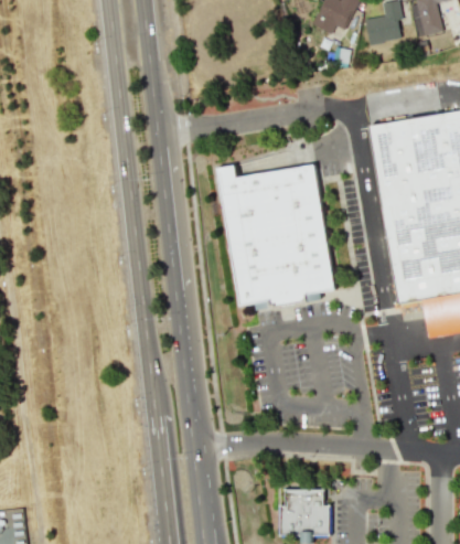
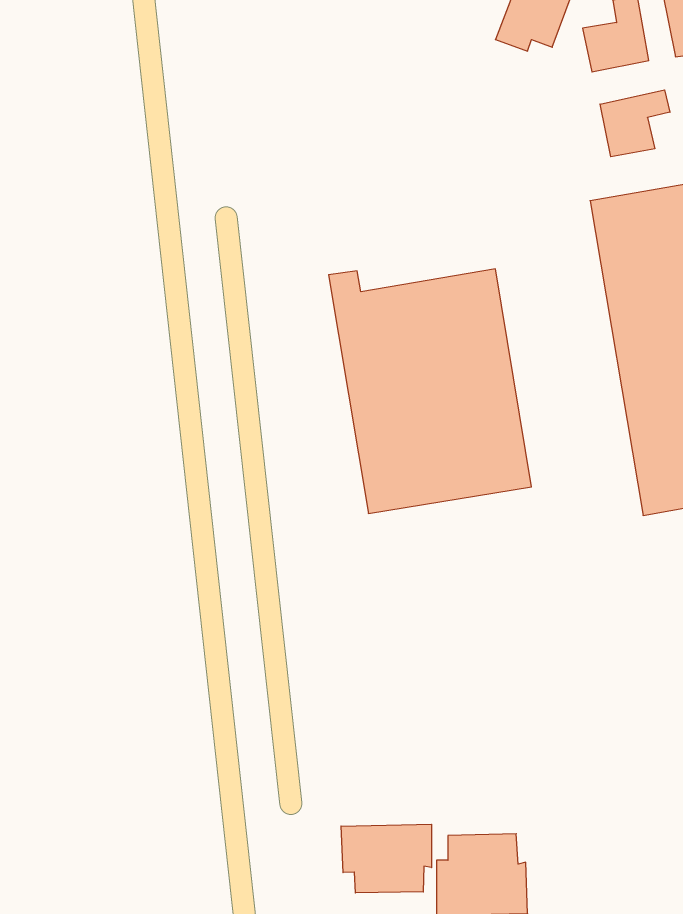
building: none -> [600,90,670,157]
building: none -> [341,824,432,893]

